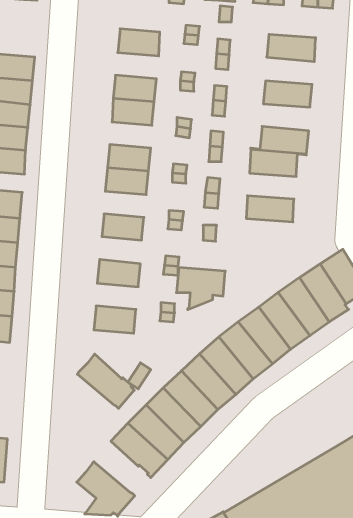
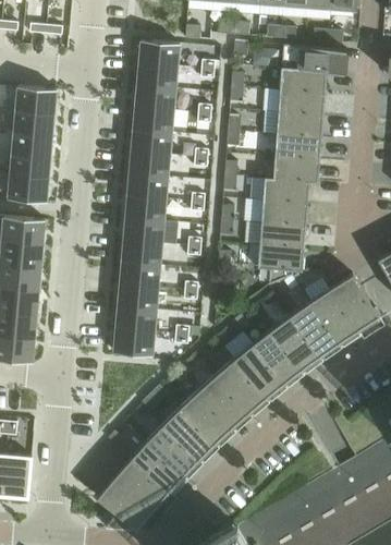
building: none -> [138,40,179,66]
building: none -> [281,46,346,74]
building: none -> [134,86,175,111]
building: none -> [278,90,325,117]
building: none -> [274,135,320,161]
building: none -> [129,153,169,178]
building: none -> [260,202,307,227]
building: none -> [123,219,163,244]
building: none -> [119,263,159,289]
building: [176,268,225,310] -> [257,245,304,286]
building: none -> [115,307,156,332]
building: [77,354,134,408] -> [113,459,168,511]

